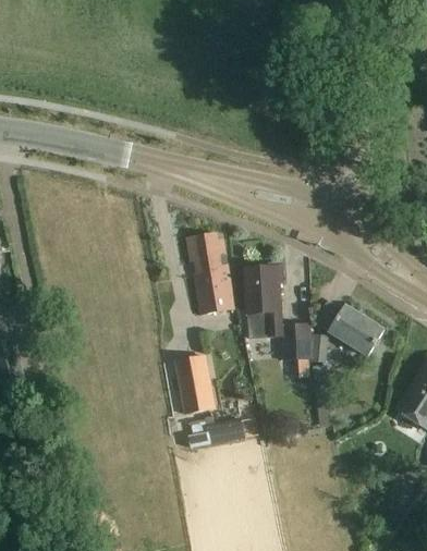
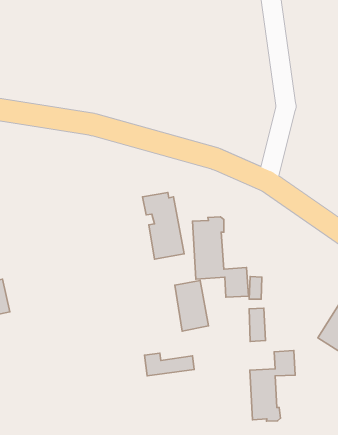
building: [330,305,385,355] -> none
building: [178,355,218,416] -> [175,281,208,331]
building: none -> [250,350,295,421]

